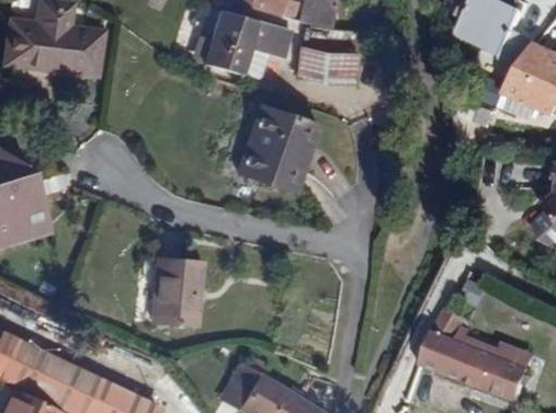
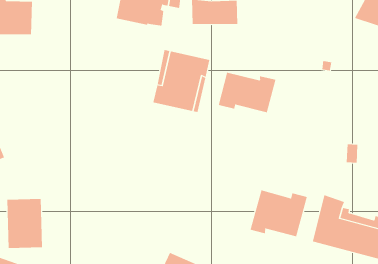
building: none -> [218,72,276,113]
building: [151,260,200,324] -> [7,199,43,248]
building: none -> [250,190,308,237]

